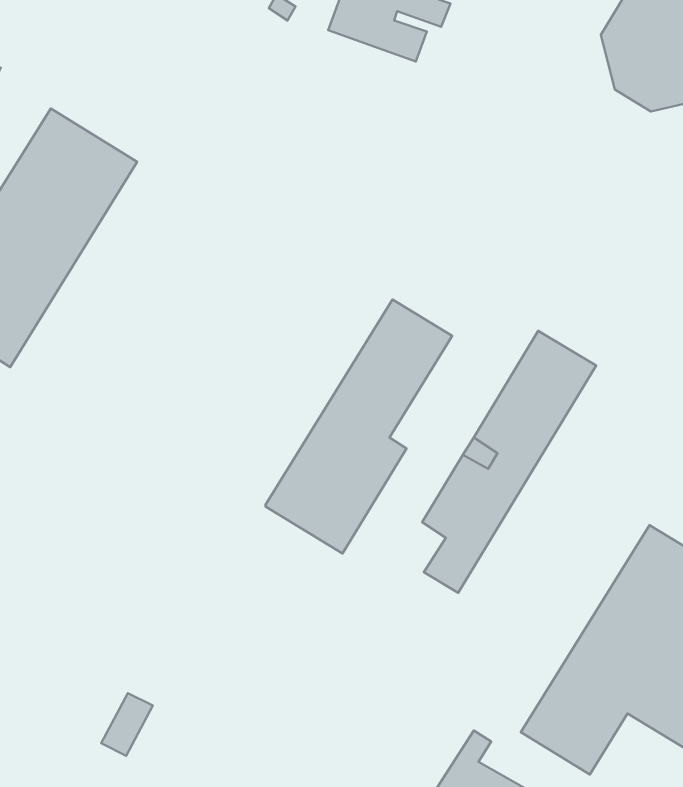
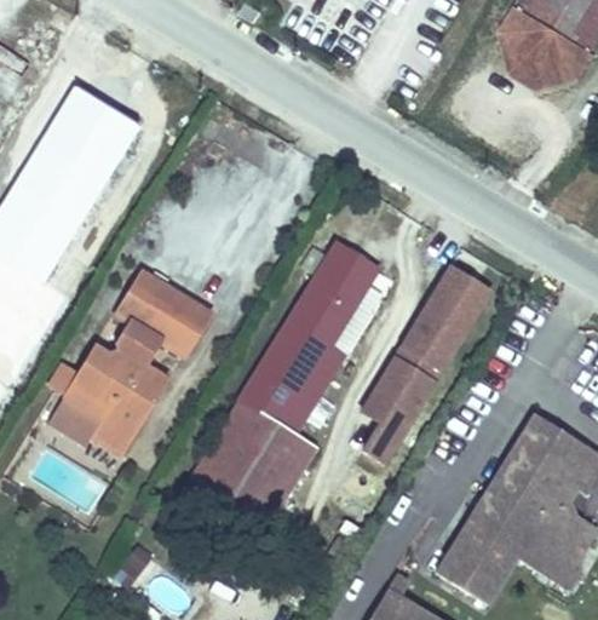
building: none -> [53,265,207,453]
building: none -> [192,396,321,522]

